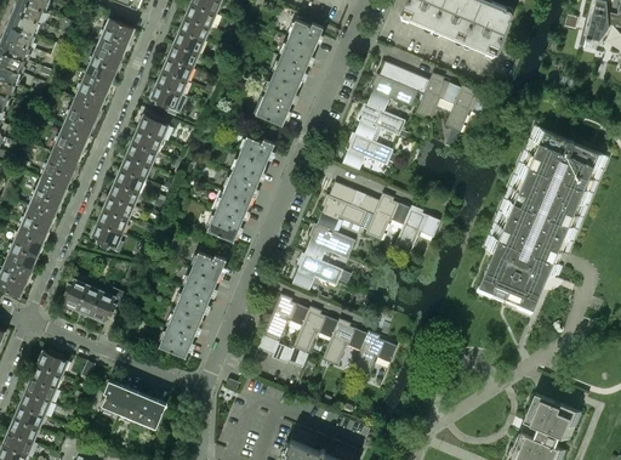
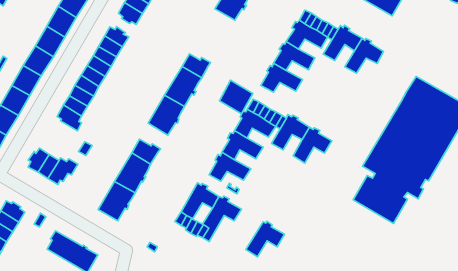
building: [255,76,297,126] -> none
building: none -> [219,80,253,114]
building: [320,322,366,368] -> none

